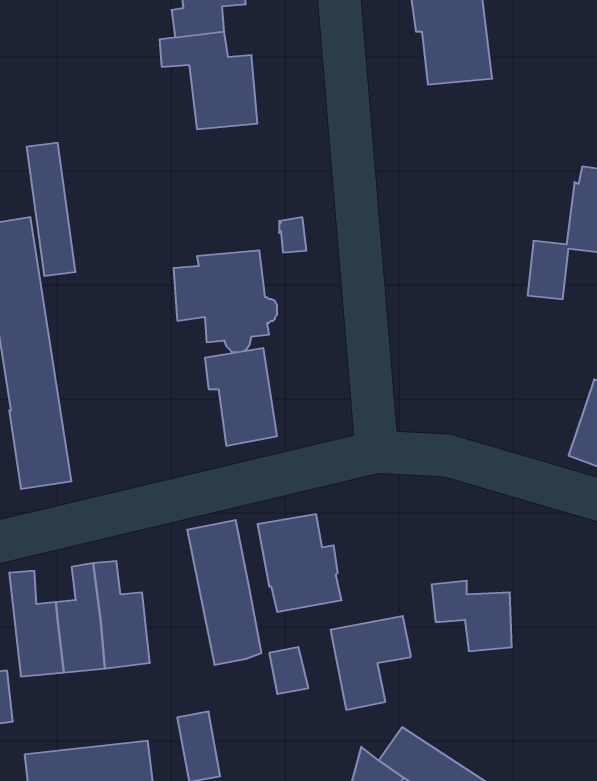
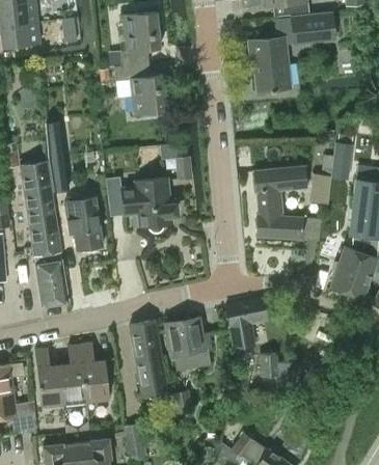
building: none -> [252,166,306,239]
building: [205,348,277,446] -> [64,199,103,251]
building: [331,616,411,710] -> [225,300,268,350]

